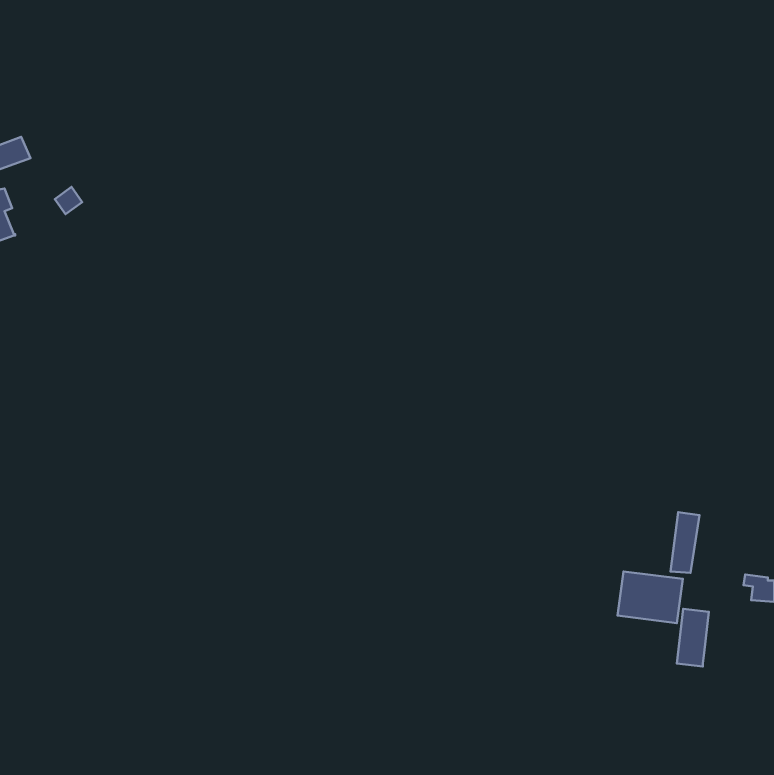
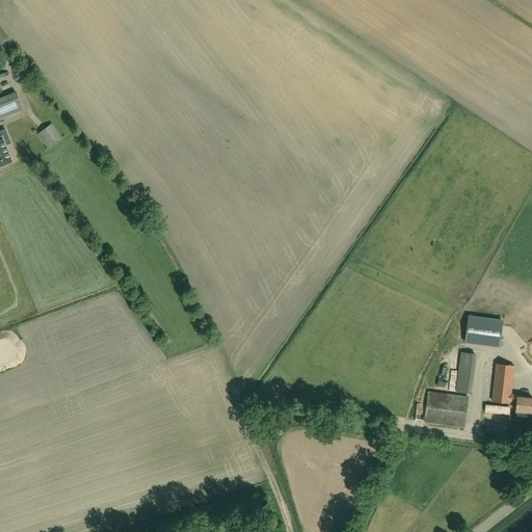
building: none -> [463,316,500,346]
building: [677,609,709,667] -> [490,363,512,402]

